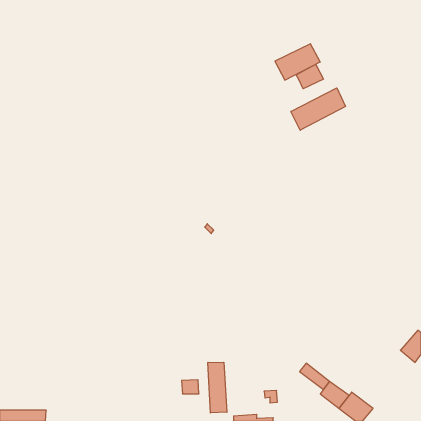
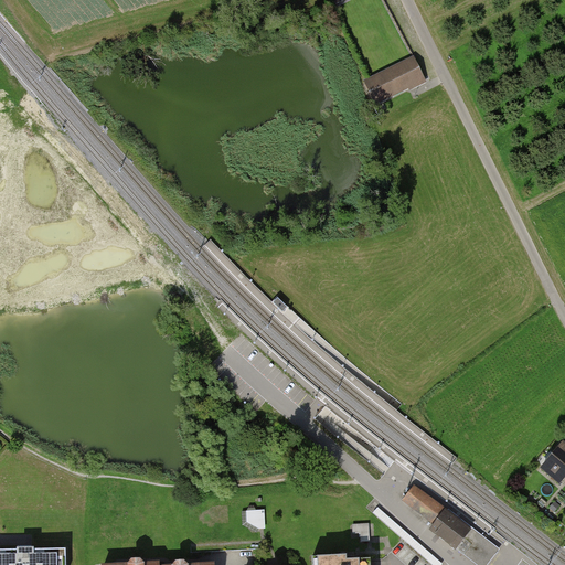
building: [296,64,323,89] -> none
building: [291,88,345,130] -> none
building: [208,362,227,413] -> none

